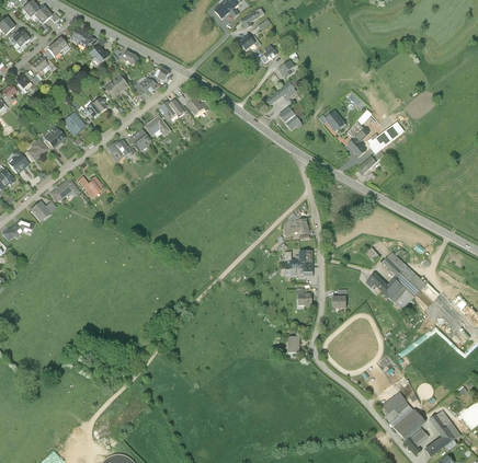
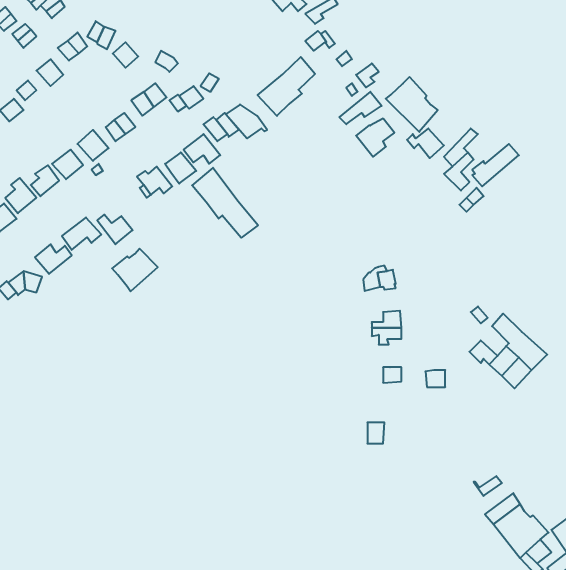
building: none -> [258,57,315,116]
building: none -> [386,77,438,132]
building: none -> [192,168,258,238]
building: none -> [112,249,158,291]

